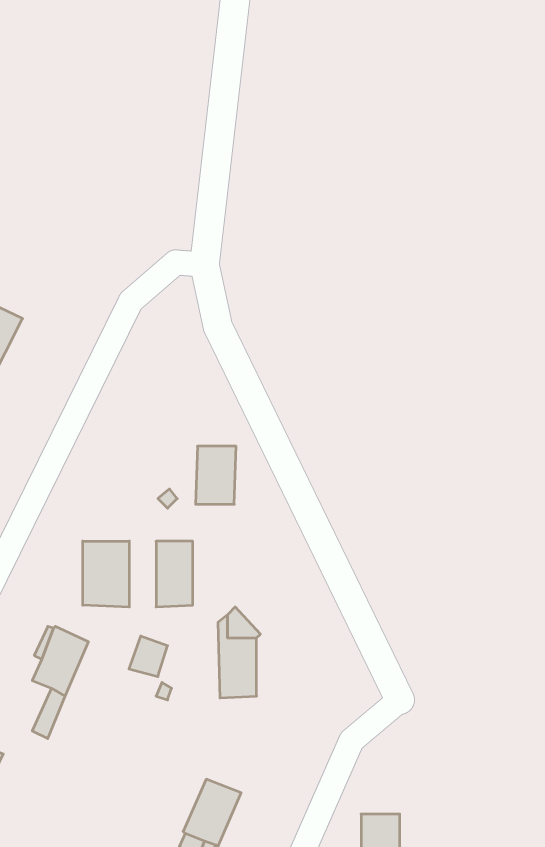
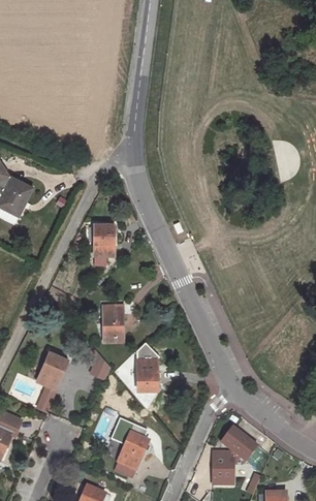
building: [196,446,236,504] -> [93,223,115,254]
building: [83,541,129,607] -> none
building: none -> [222,428,258,464]

